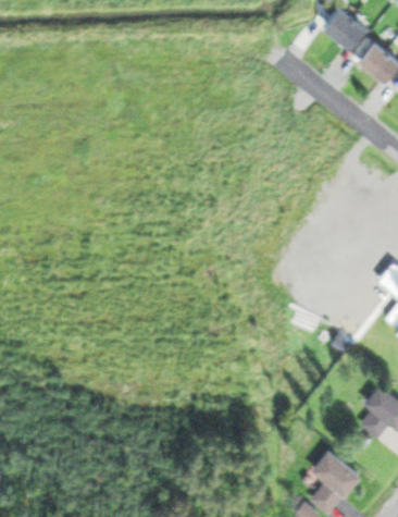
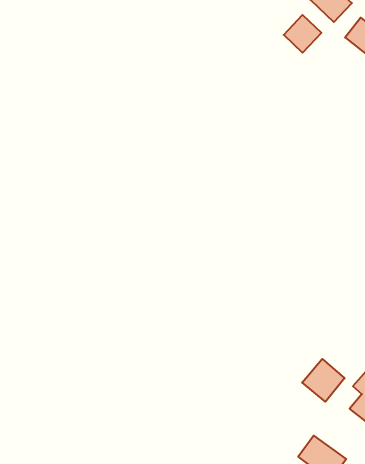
building: none -> [284,15,321,53]
building: none -> [302,359,345,402]

